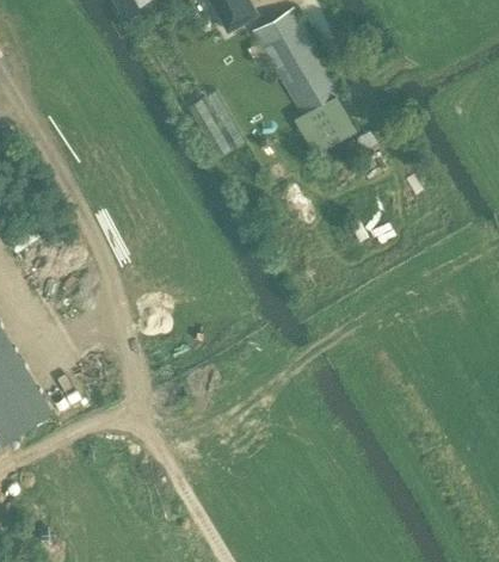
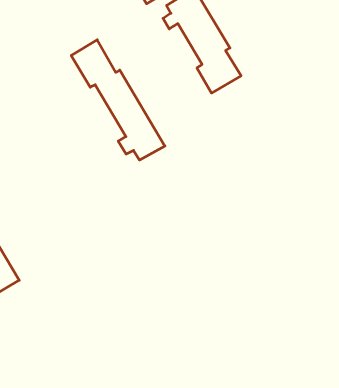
building: none -> [71,40,165,160]

